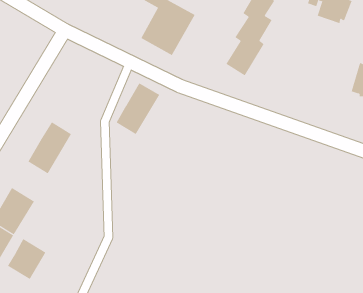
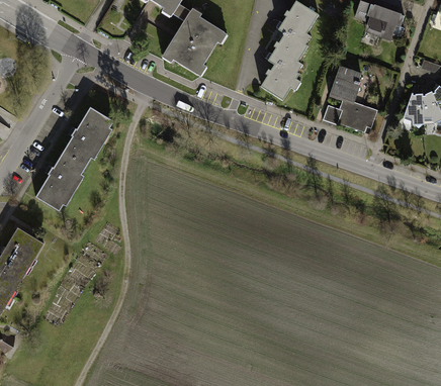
building: none -> [323,66,375,131]
building: [116,83,160,135] -> [63,106,113,166]
building: [7,238,46,280] -> none

